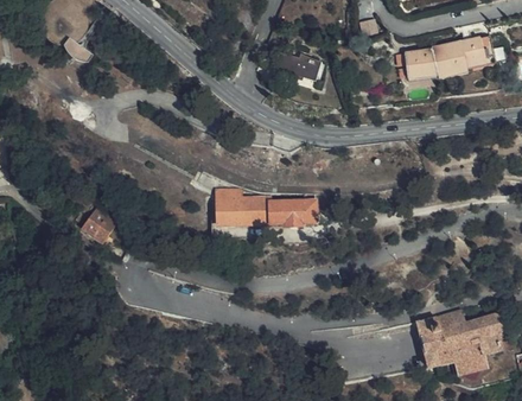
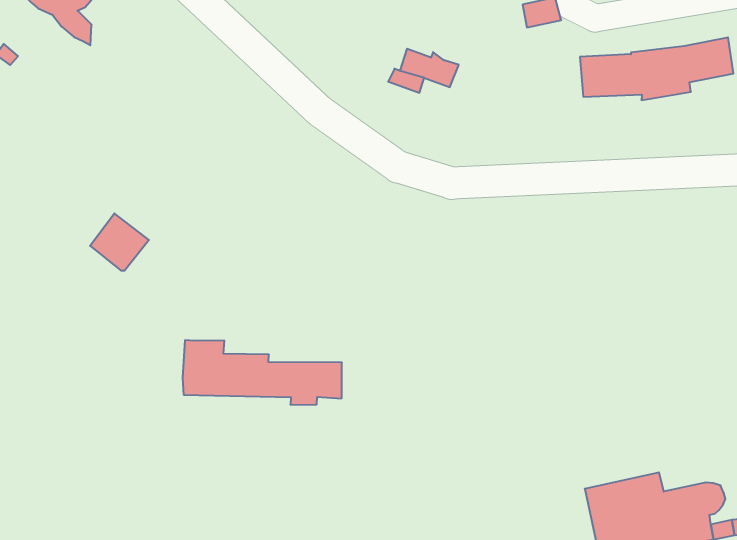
building: [217,190,318,228] -> [183,340,342,405]
building: [81,205,117,241] -> [90,213,149,271]

